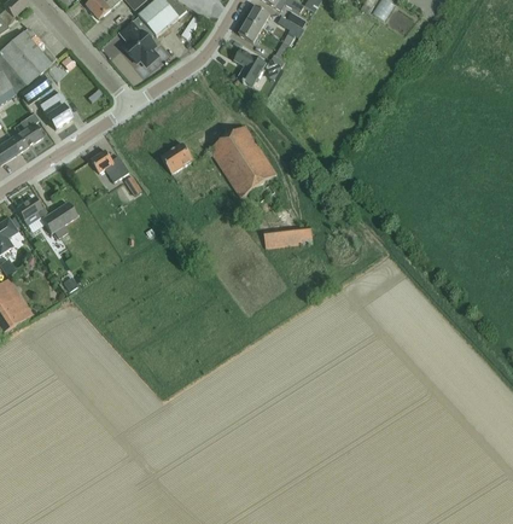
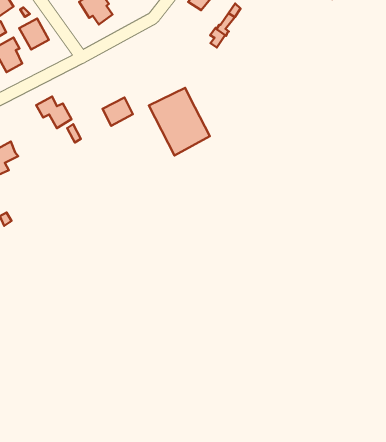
building: [234,50,264,86] -> none
building: none -> [19,18,49,50]
building: [262,226,311,249] -> none

